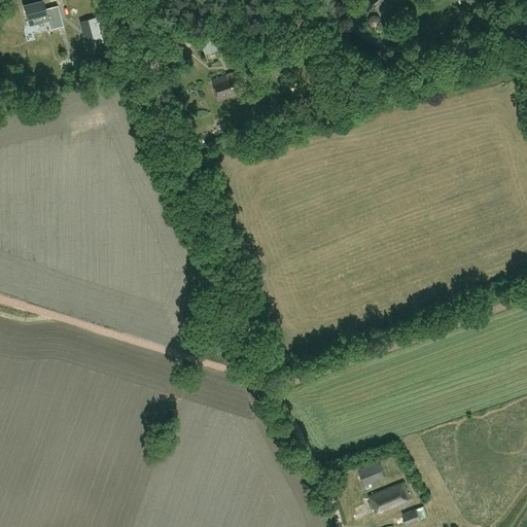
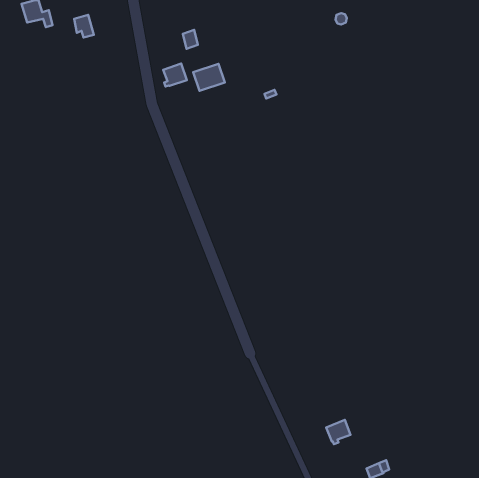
building: none -> [163,63,187,87]
building: [370,483,411,514] -> none

